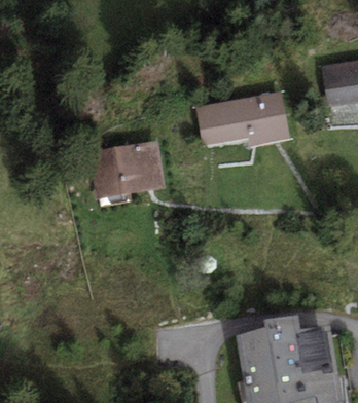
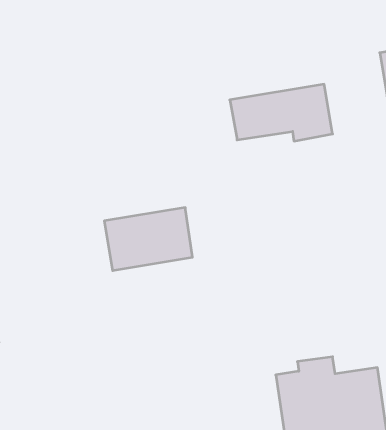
building: [83,143,158,196] -> [104,208,192,271]

